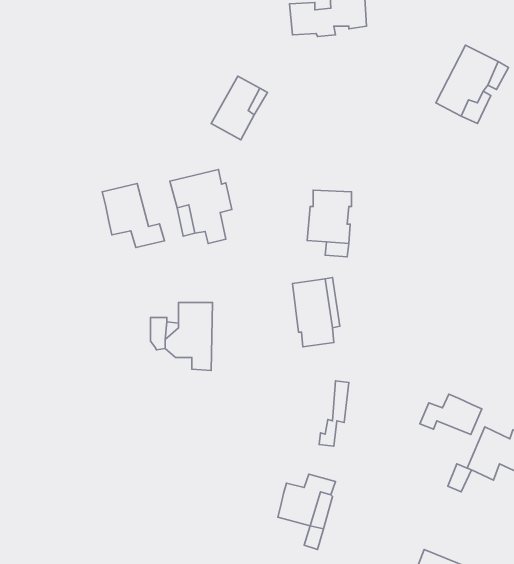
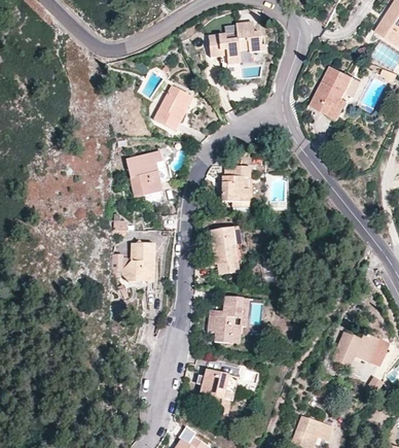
building: [102,184,164,248] -> none
building: none -> [207,296,240,342]
building: [420,394,482,434] -> none

